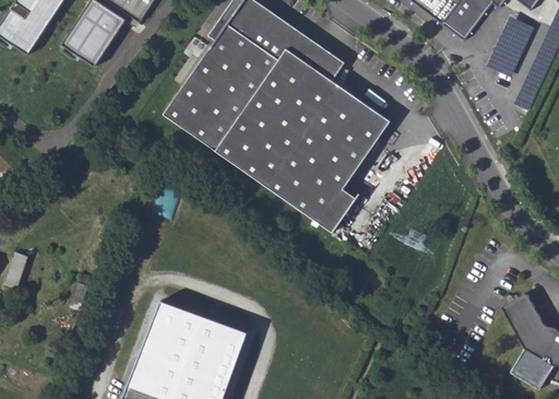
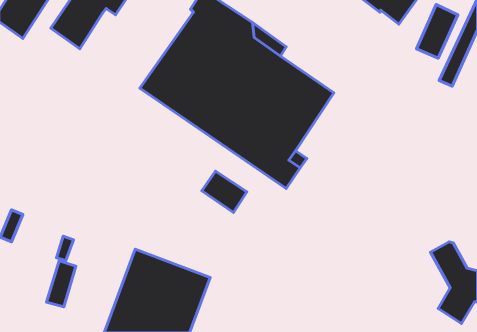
building: none -> [202,171,247,212]
building: none -> [46,261,76,307]

